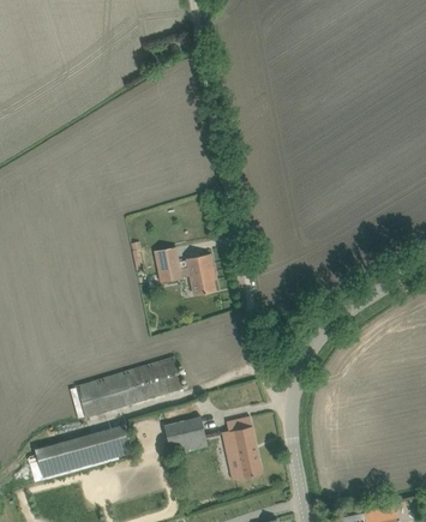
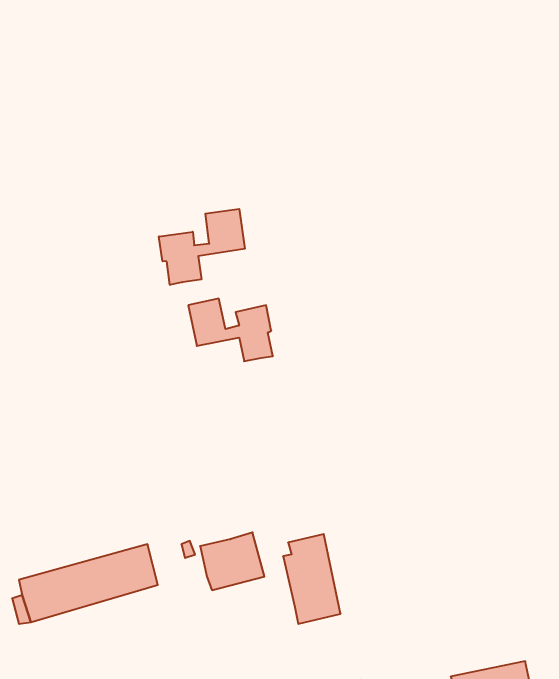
building: none -> [159,209,245,285]
building: [76,356,182,418] -> none

